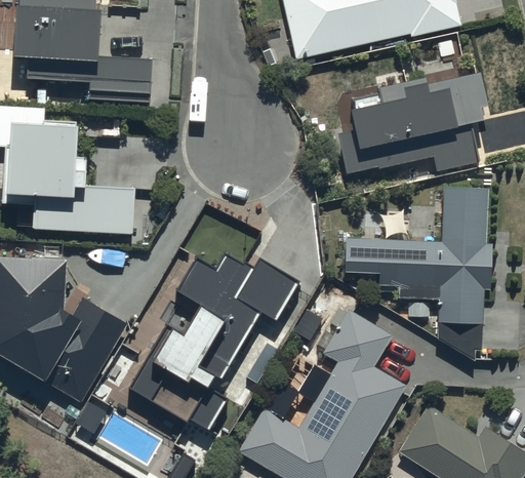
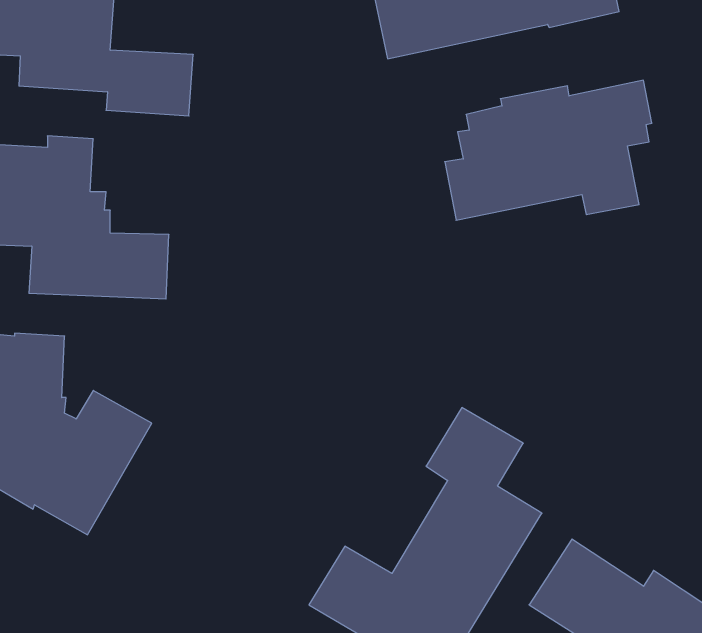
building: [342,187,491,360] -> none
building: [129,250,299,430] -> none

